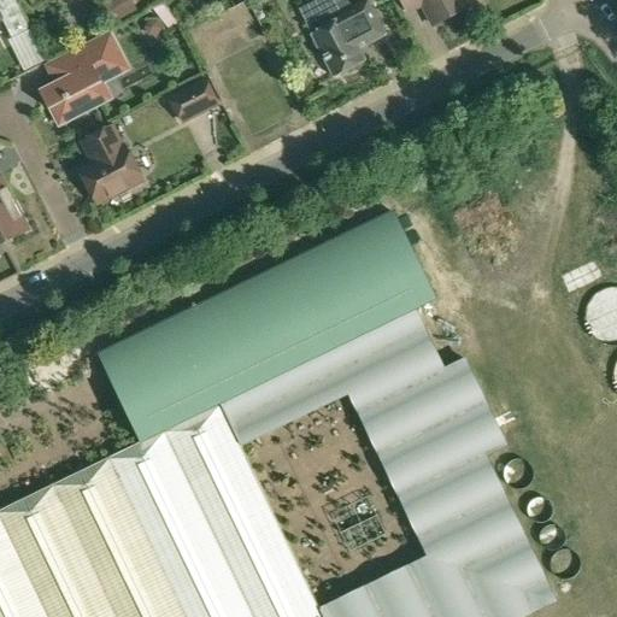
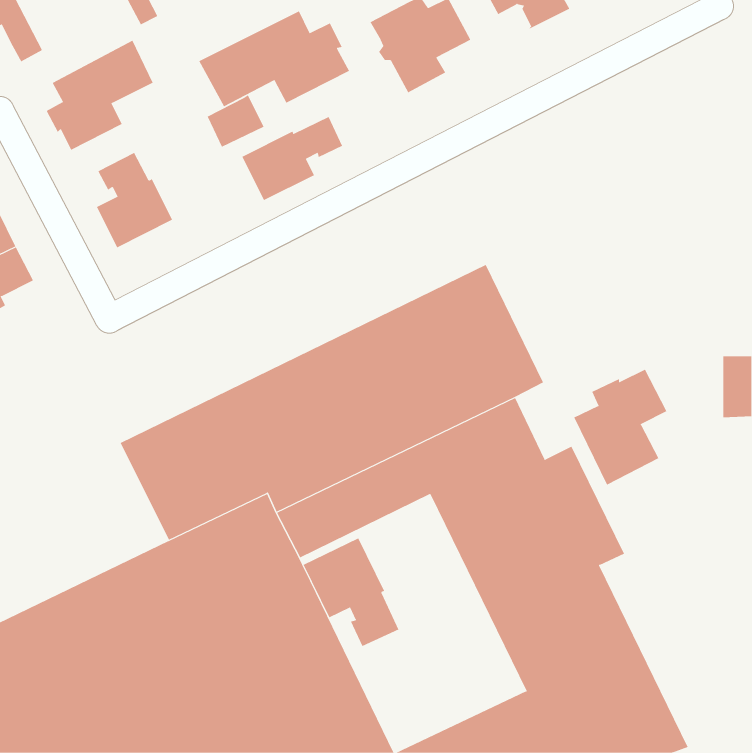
building: none -> [199,11,350,107]
building: none -> [241,116,343,201]
building: none -> [573,369,667,486]
building: none -> [303,537,399,647]

